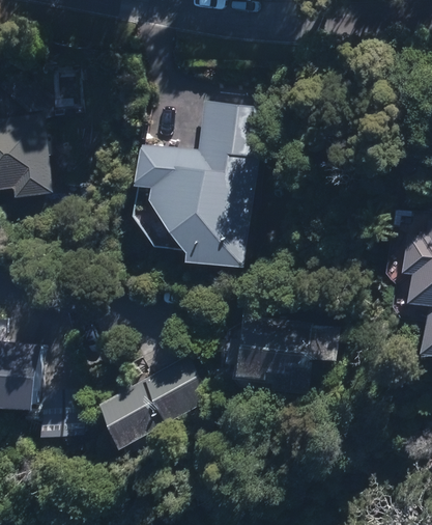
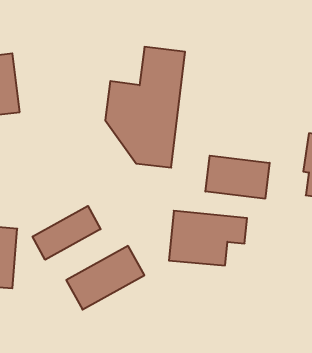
building: none -> [205,156,270,199]
building: none -> [33,206,101,260]

